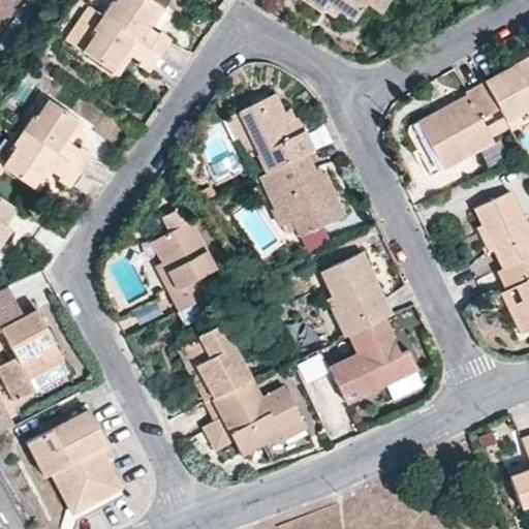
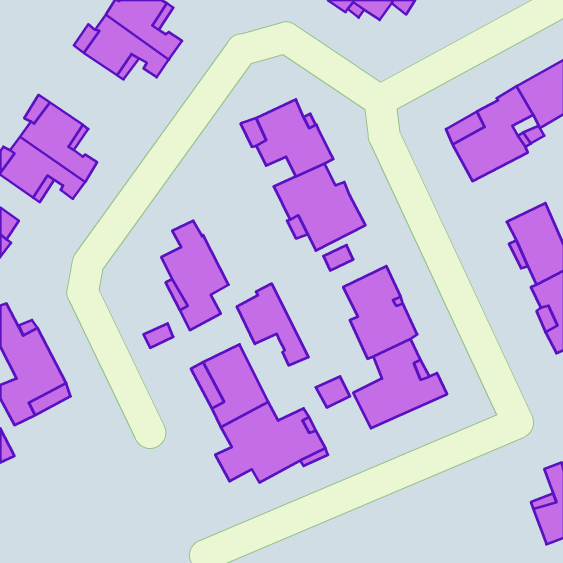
building: none -> [237,284,308,365]
building: [26,410,120,506] -> none

